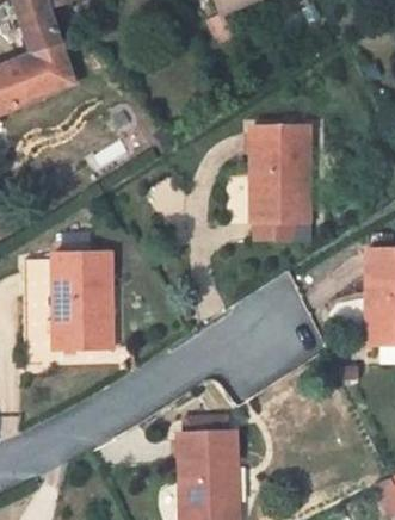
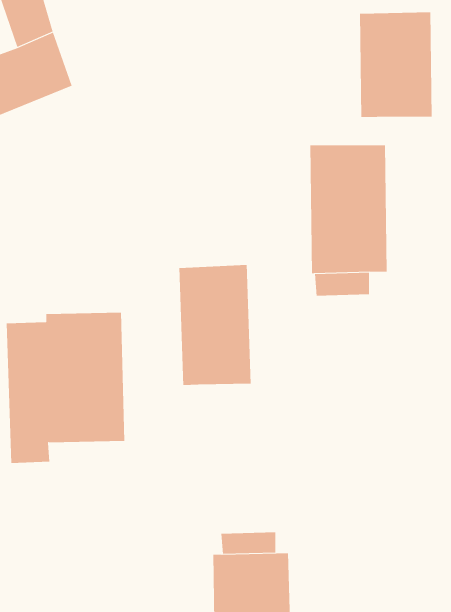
building: none -> [360,12,432,118]
building: none -> [179,264,251,386]

